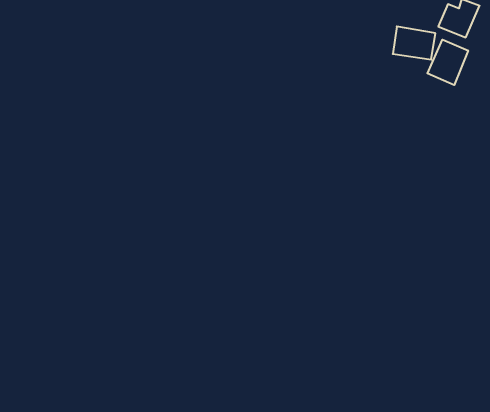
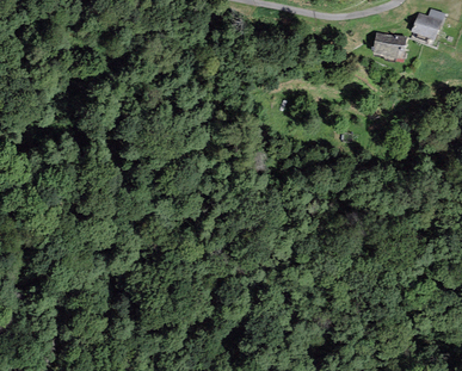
building: [427,40,468,85] -> none

